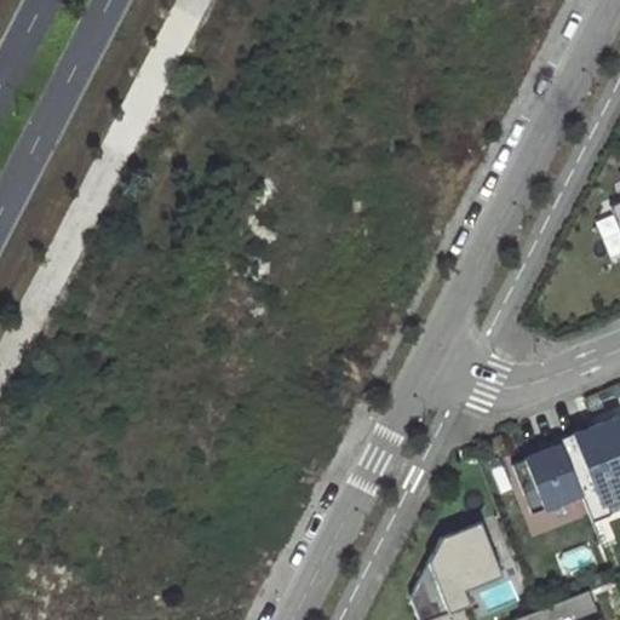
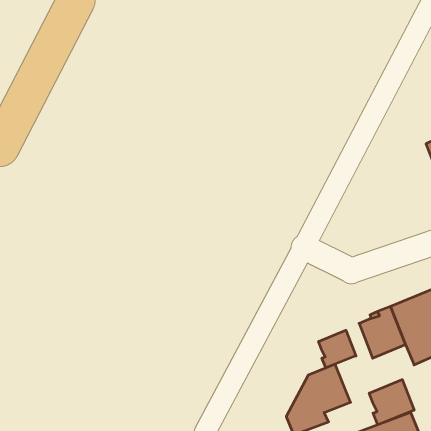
building: none -> [319,330,356,368]
building: none -> [369,380,414,425]

